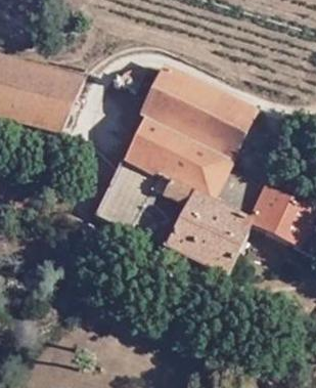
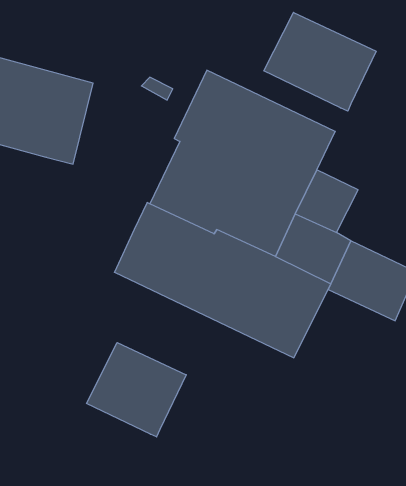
building: none -> [264,12,376,111]
building: none -> [87,343,186,437]

